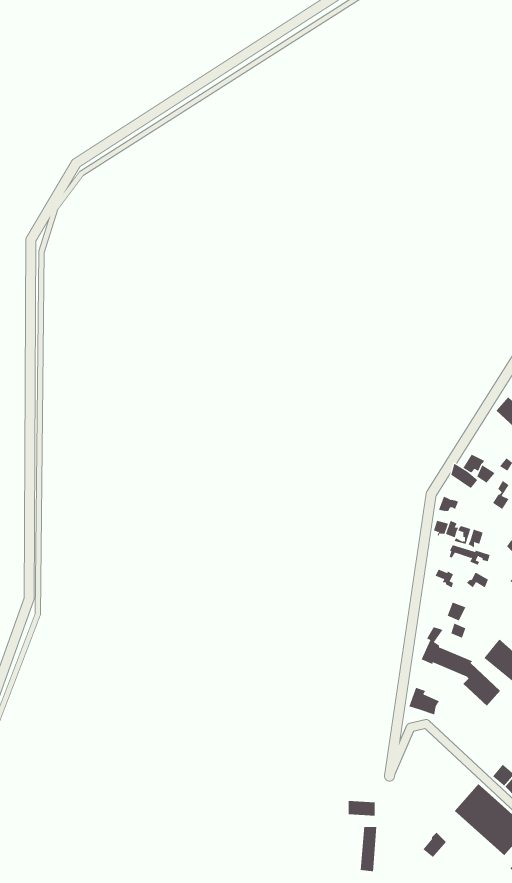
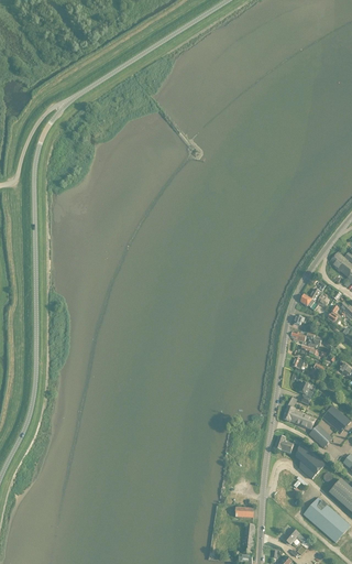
building: none -> [294,442,323,478]

